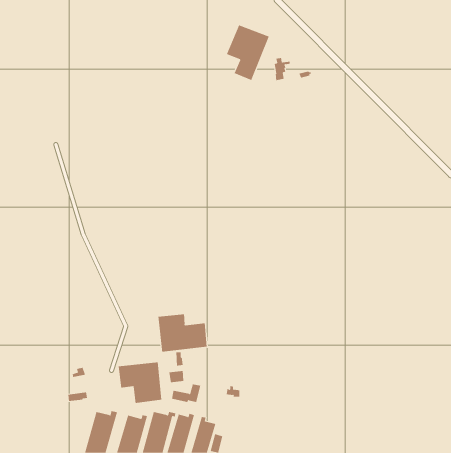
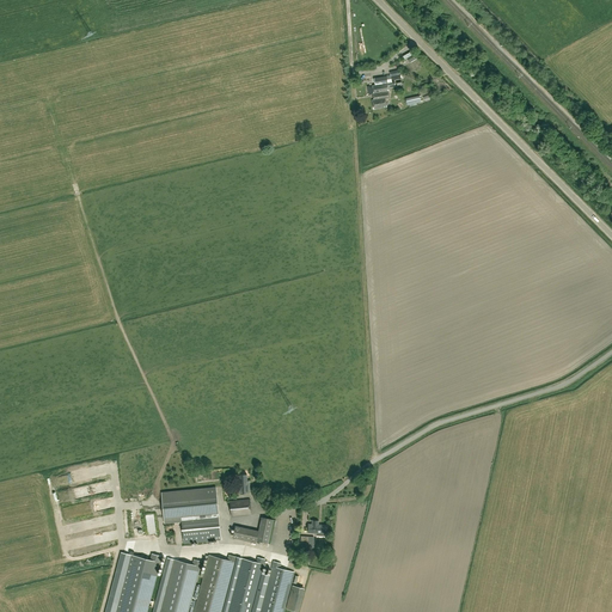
building: [226,25,269,81] -> none
building: [158,314,207,353] -> none

